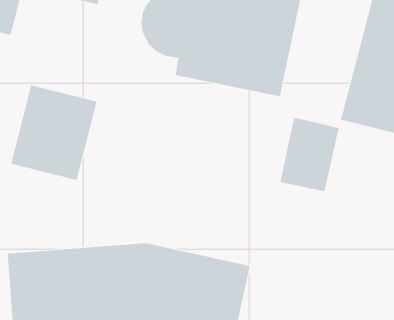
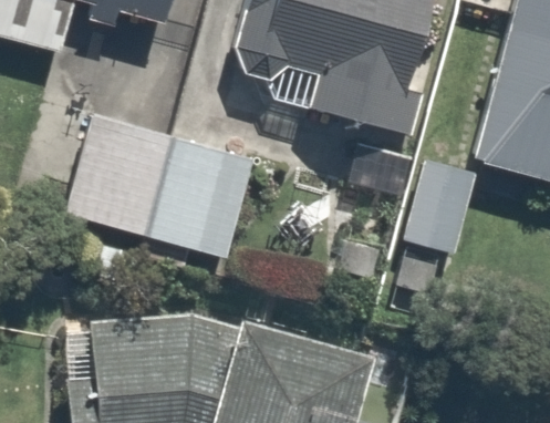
building: none -> [149,136,257,257]

